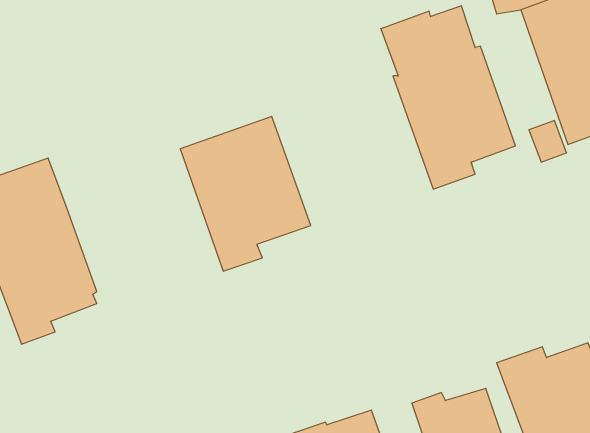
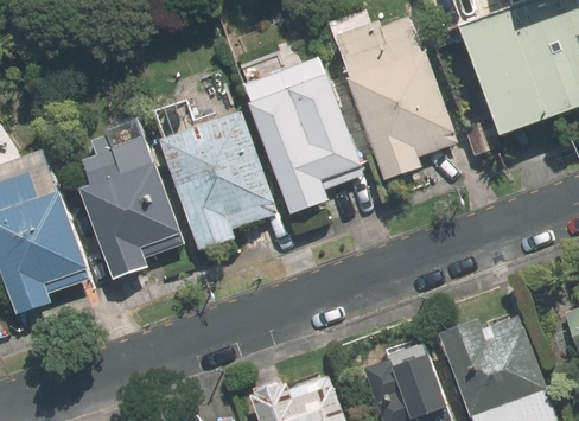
building: none -> [249,62,360,212]
building: none -> [79,139,180,280]

